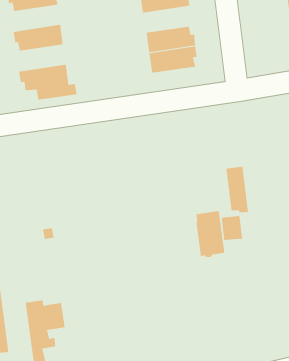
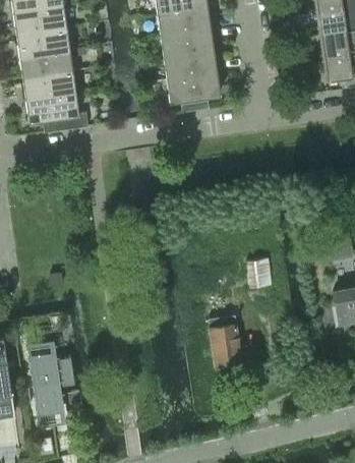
building: none -> [15,26,70,56]
building: none -> [160,27,215,57]
building: none -> [21,70,76,100]
building: [226,166,248,213] -> none
building: [196,210,225,258] -> [209,314,241,366]

